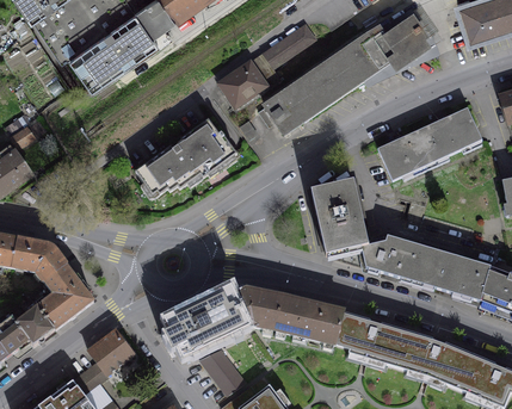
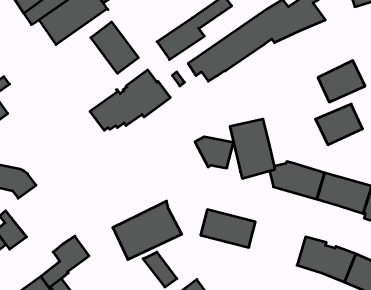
building: none -> [91,22,138,73]
building: [377,129,437,180] -> [315,104,363,145]
building: [36,265,93,330] -> none
building: [234,289,283,328] -> [195,137,234,168]
building: [335,311,407,366] -> none

